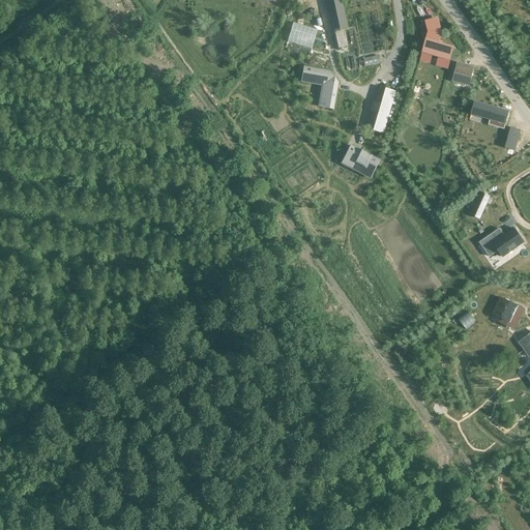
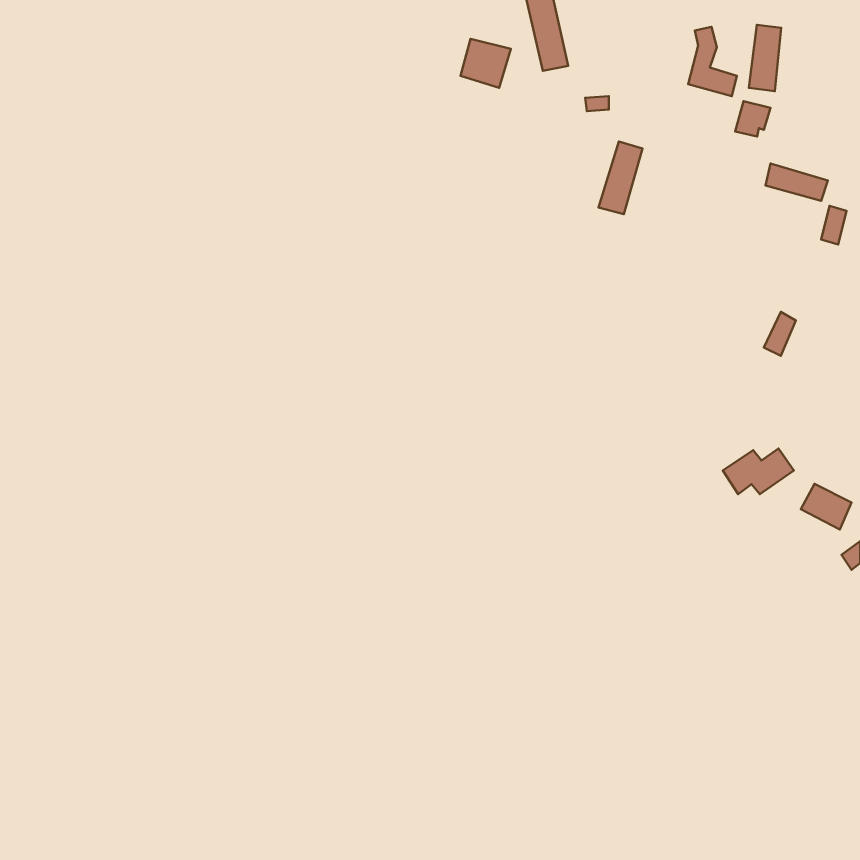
building: none -> [749,25,781,91]
building: [300,66,336,108] -> none
building: [342,147,379,178] -> none
building: [479,228,523,256] -> [723,449,794,494]

